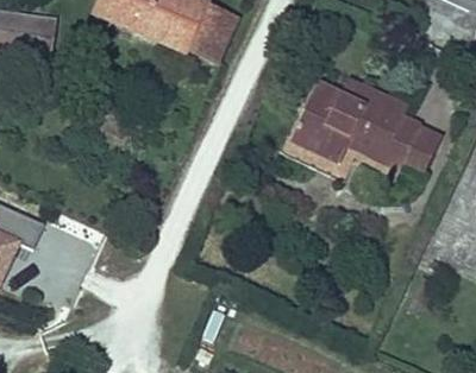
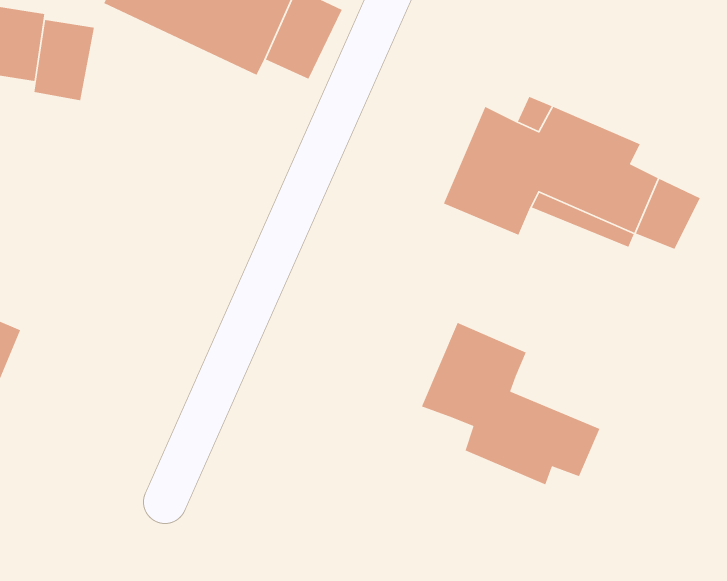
building: none -> [33,19,95,101]
building: none -> [421,322,600,486]

